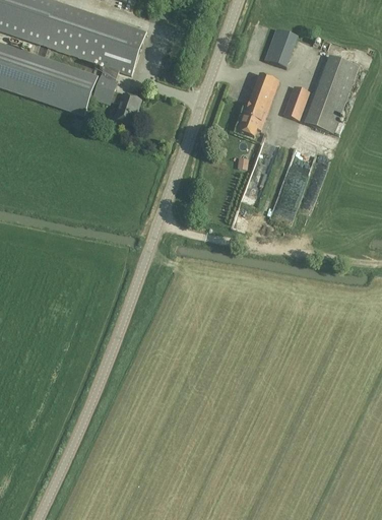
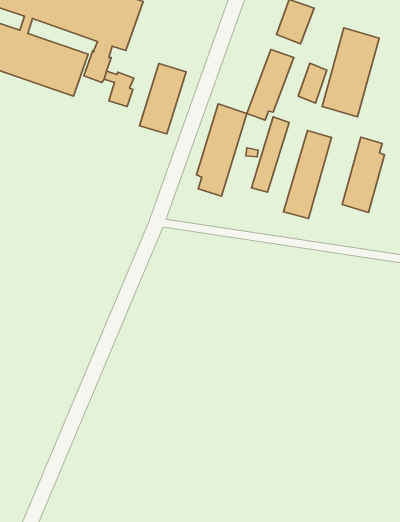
building: none -> [140,64,186,134]
building: none -> [197,104,247,196]
building: none -> [342,137,385,212]

